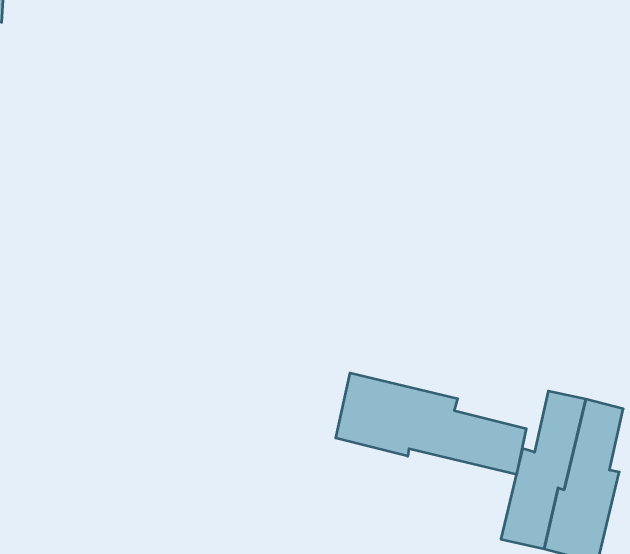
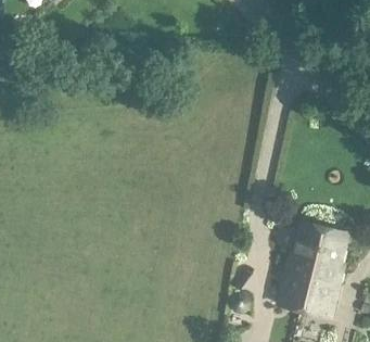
building: [336,373,526,474] -> none

